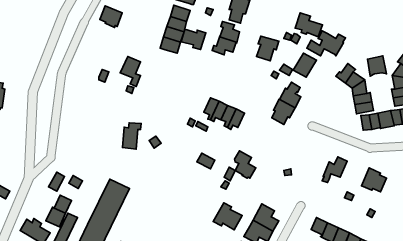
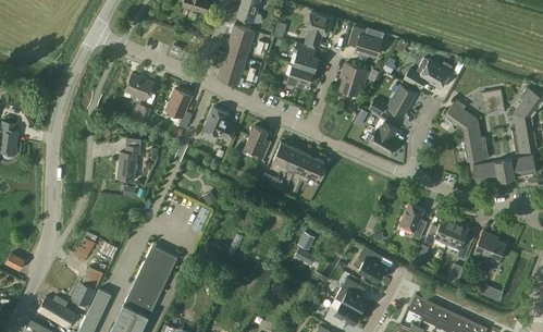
building: [100,6,122,27] -> [126,74,155,101]
building: [295,13,322,37] -> [348,26,383,57]
building: [181,29,206,50] -> none
building: none -> [205,108,236,140]
building: none -> [246,126,271,161]
building: [272,99,295,124] -> none
building: [122,123,141,149] -> [119,147,143,181]
building: none -> [400,204,428,239]
building: [234,151,256,178] -> [359,246,386,281]
building: none -> [447,223,472,259]
building: [213,203,242,230] -> none

